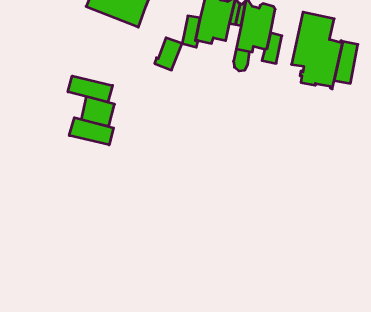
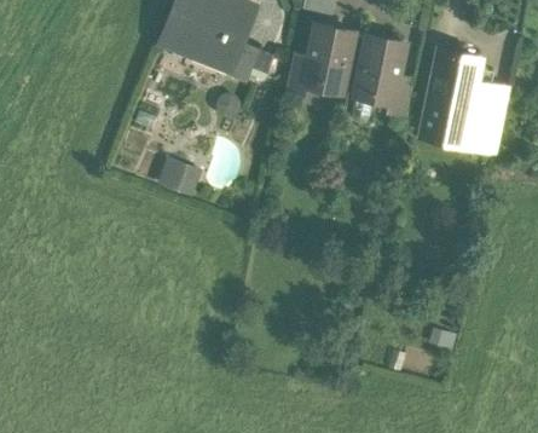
building: [155,38,182,70] -> [224,41,259,82]
building: [68,76,113,102] -> none
building: [69,118,114,145] -> none

